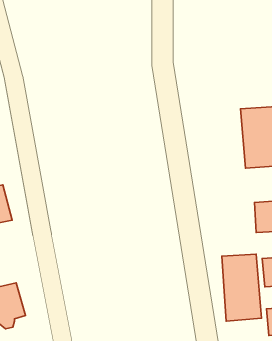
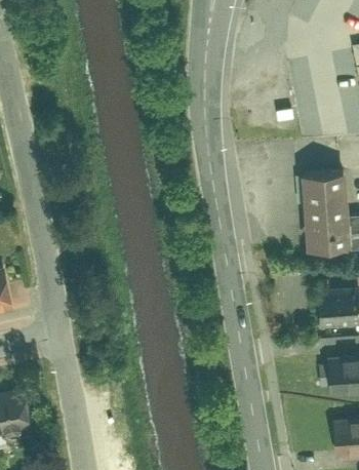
building: [222,254,262,321] -> none

